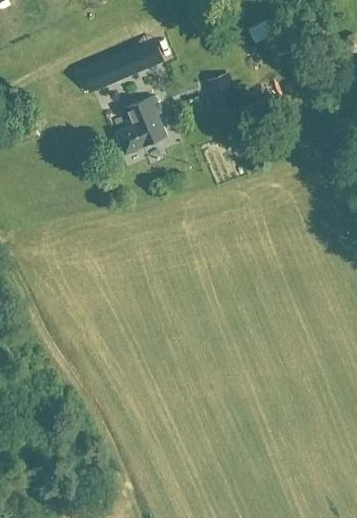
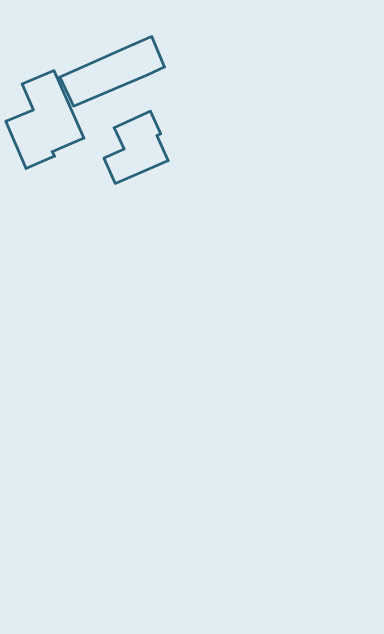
building: none -> [6,71,84,169]

